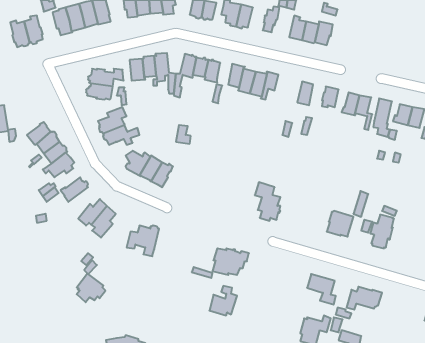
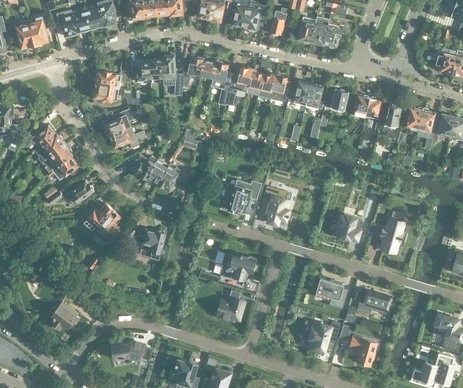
building: none -> [285,81,310,113]
building: none -> [224,179,261,212]
building: [77,274,105,302] -> [50,301,79,330]

